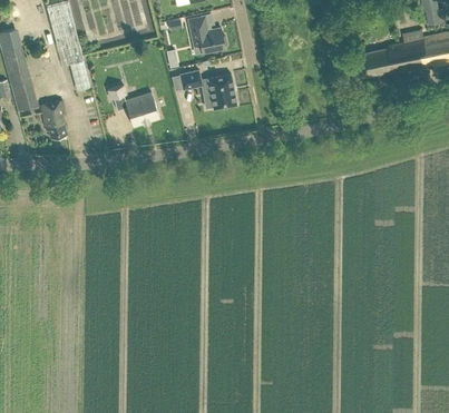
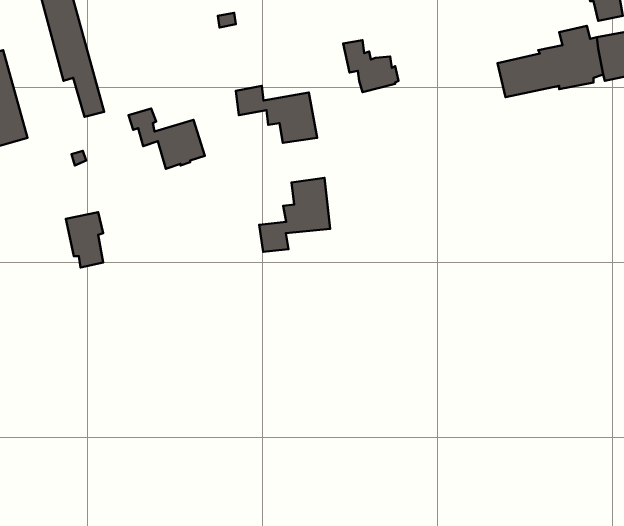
building: [187,17,225,52] -> [343,40,398,92]
building: [39,100,65,138] -> [66,212,103,267]
building: none -> [259,178,330,252]

